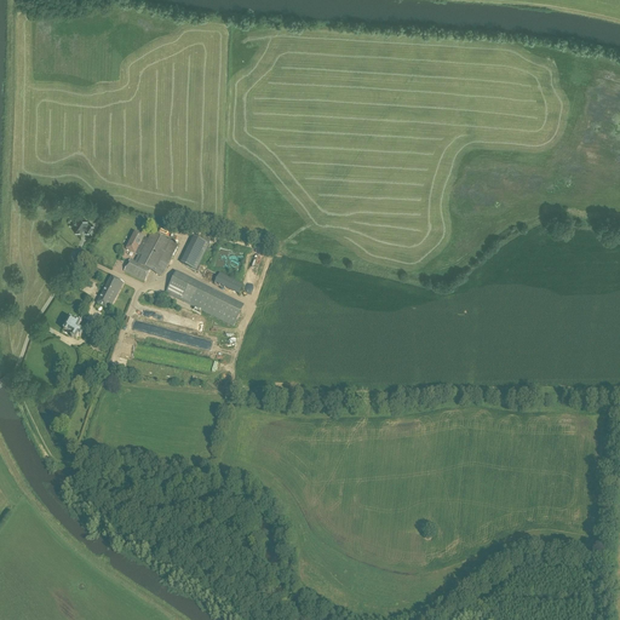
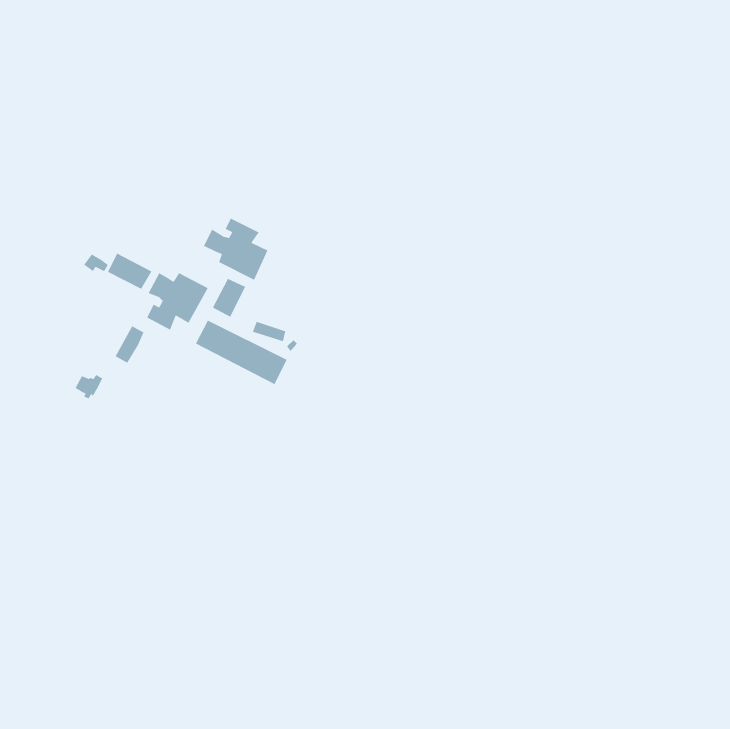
building: none -> [203,218,268,281]
building: none -> [107,252,152,290]

